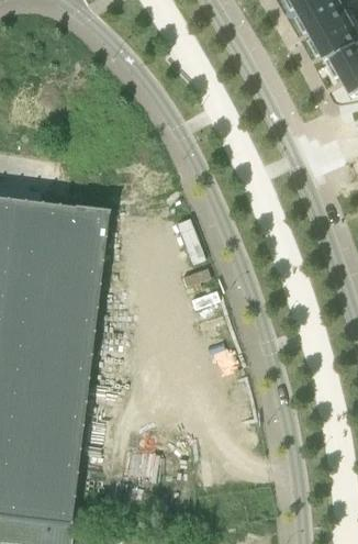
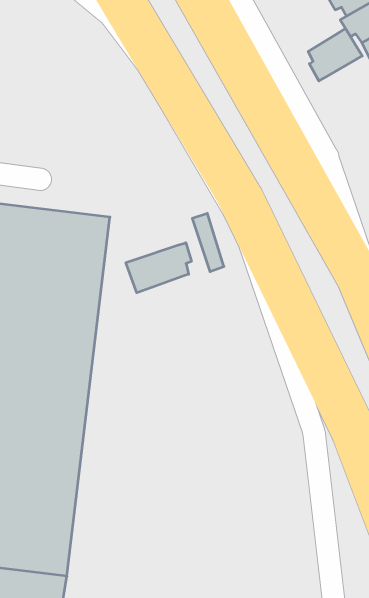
building: none -> [308,29,362,81]
building: none -> [126,243,191,293]

